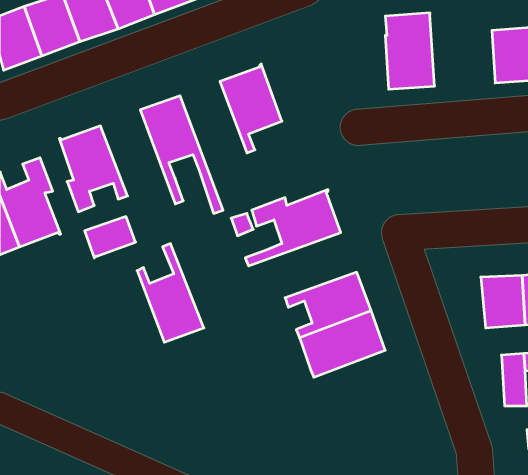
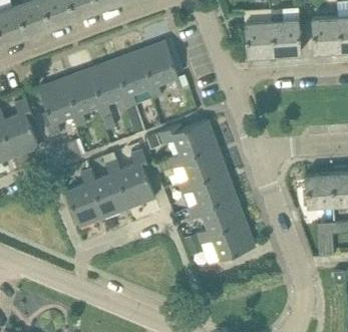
building: none -> [272,10,301,55]
building: none -> [114,52,156,133]
building: none -> [64,70,111,131]
building: none -> [157,147,226,189]
building: none -> [108,149,155,208]
building: none -> [65,172,104,228]
building: none -> [199,222,255,261]

